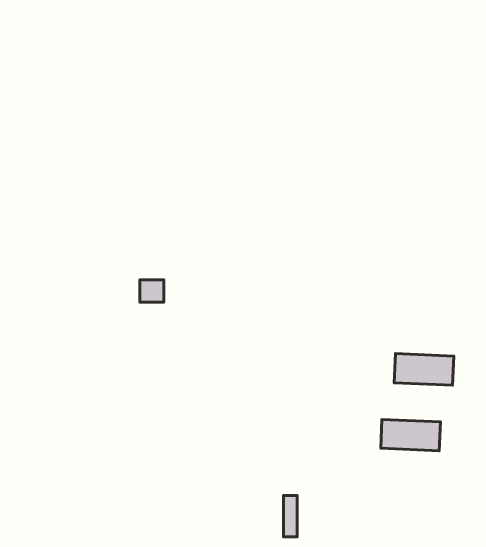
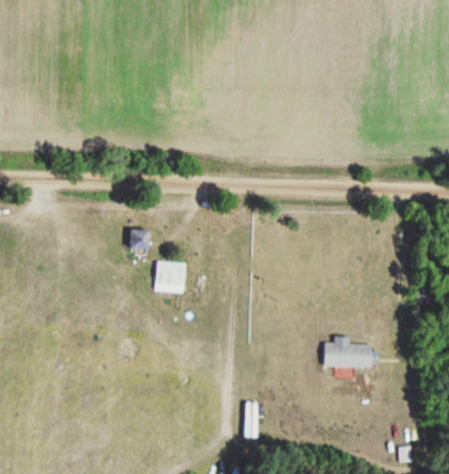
building: none -> [156,262,185,292]
building: [394,354,454,385] -> none

